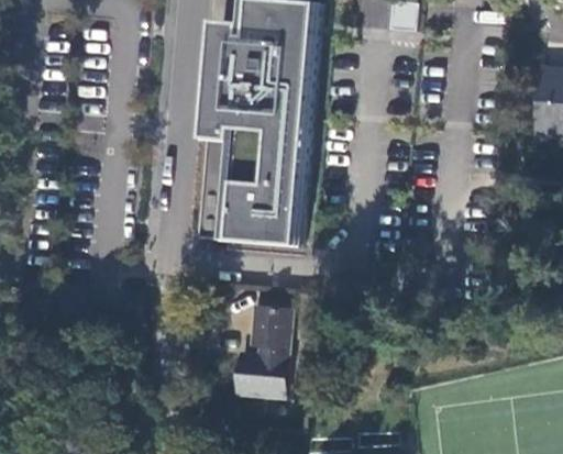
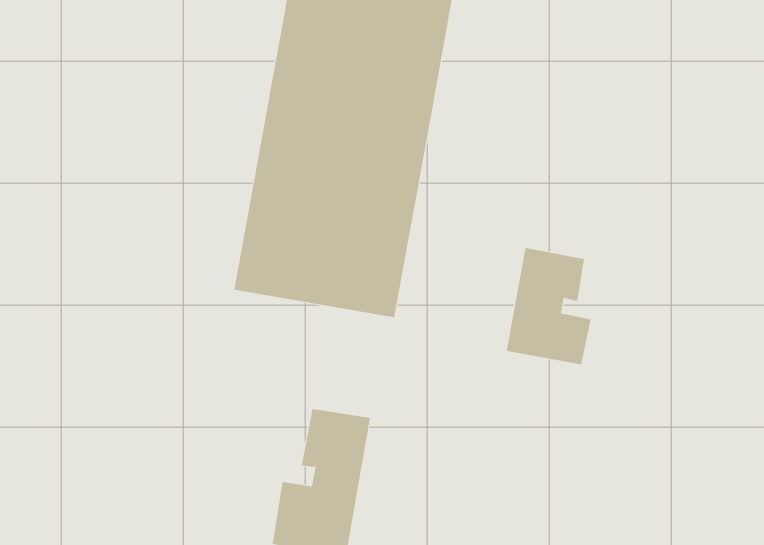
building: none -> [506,247,591,365]

